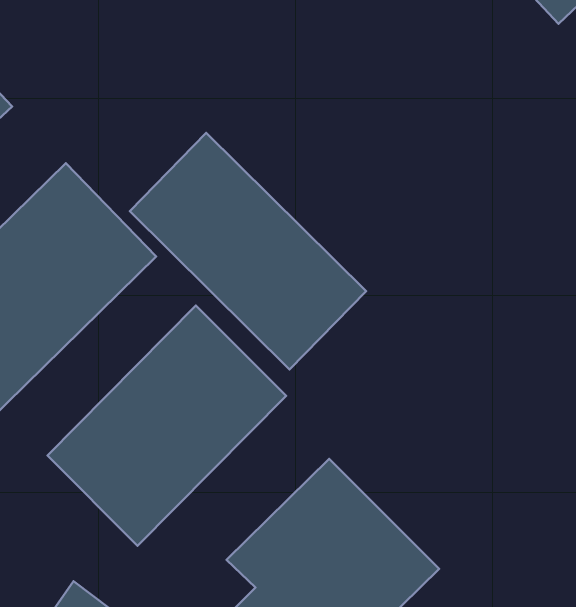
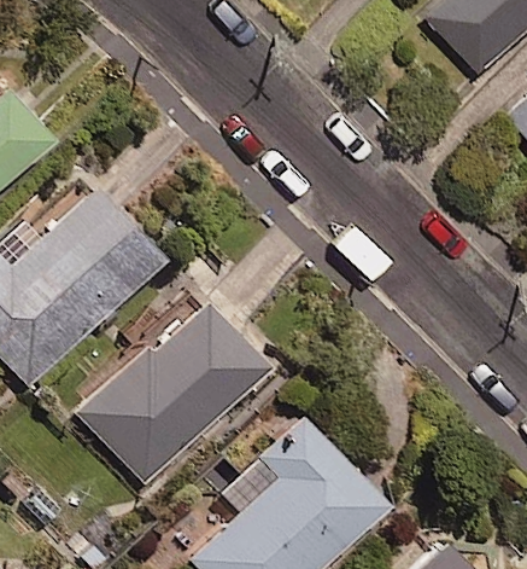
building: [130,133,366,370] -> none

